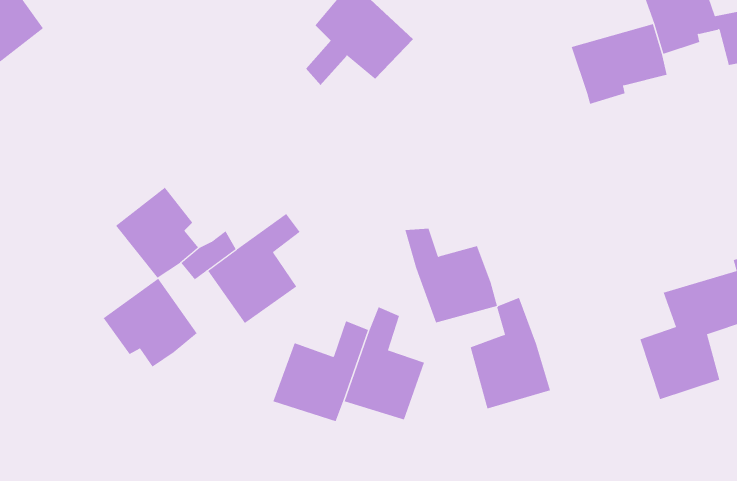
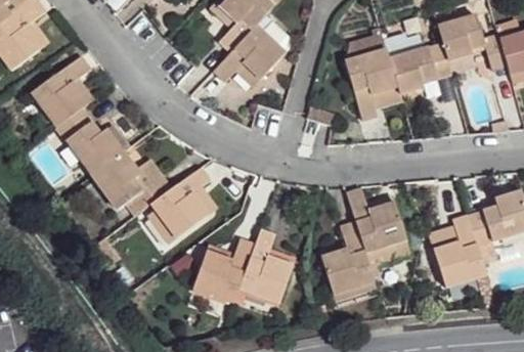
building: none -> [347,47,400,119]
building: none -> [32,54,123,174]
building: [404,228,498,323] -> [347,189,408,252]
building: [103,278,198,368] -> none

